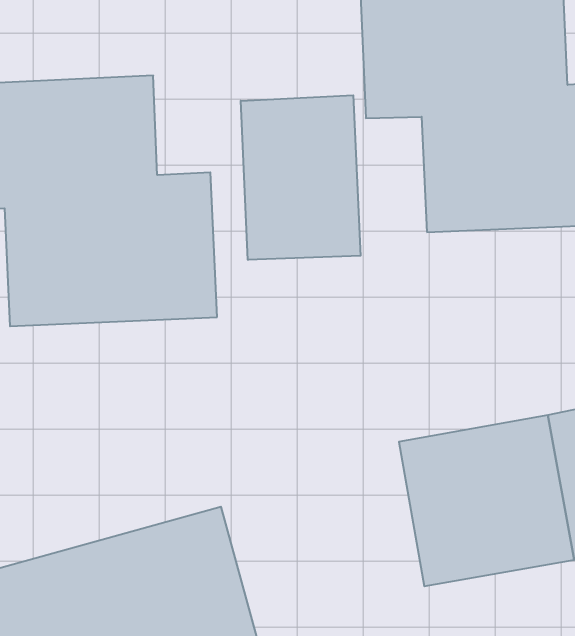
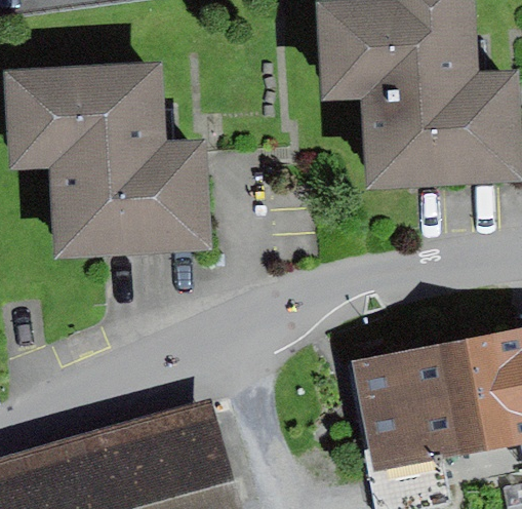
building: [241,95,361,260] -> none

